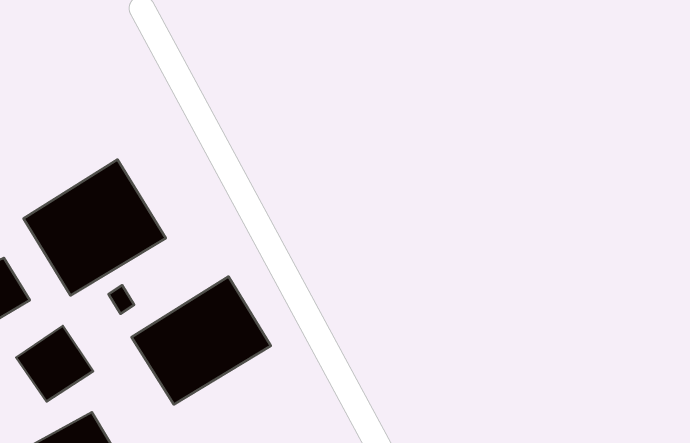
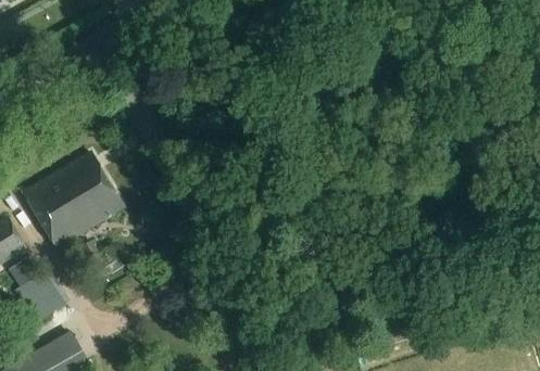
building: [132,276,271,404] -> none

